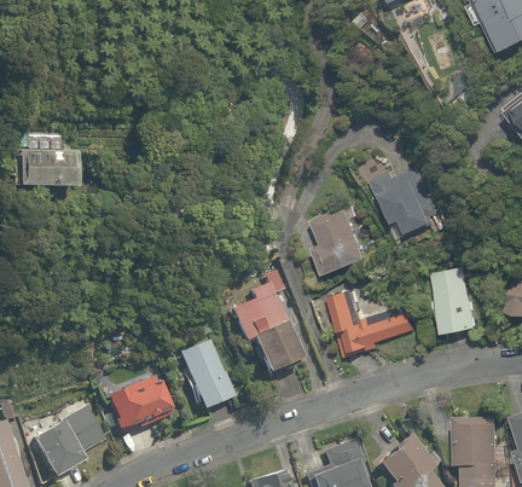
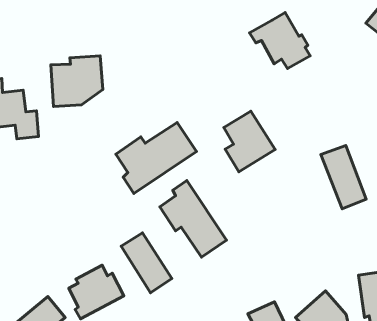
building: none -> [51,56,103,107]
building: [369,164,439,232] -> [250,13,310,68]
building: none -> [116,122,197,194]
building: [320,283,413,353] -> none

